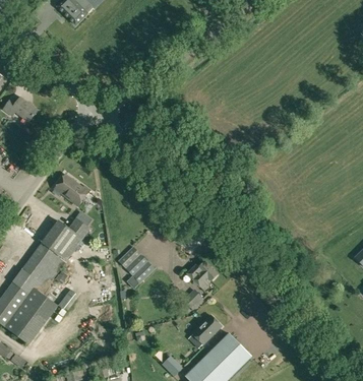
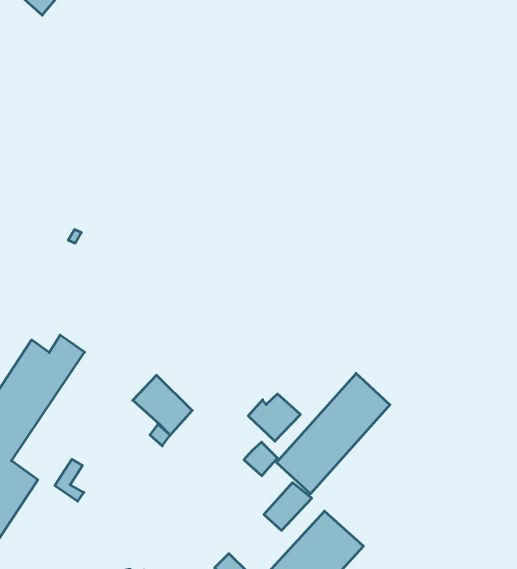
building: [55,175,89,206] -> none
building: none -> [277,373,390,494]

